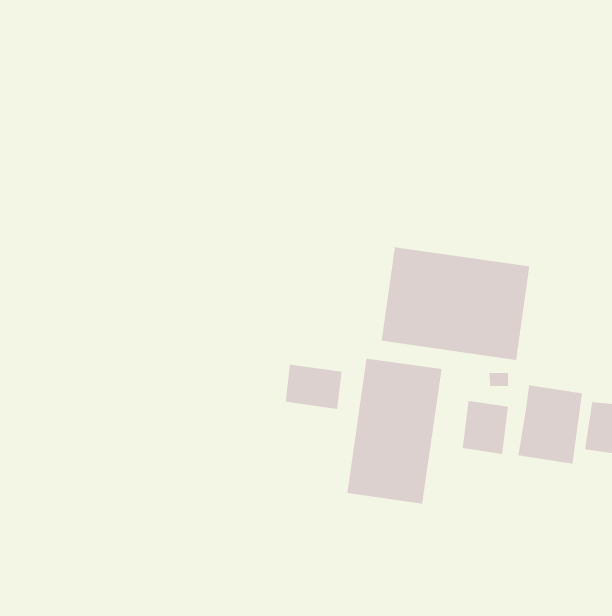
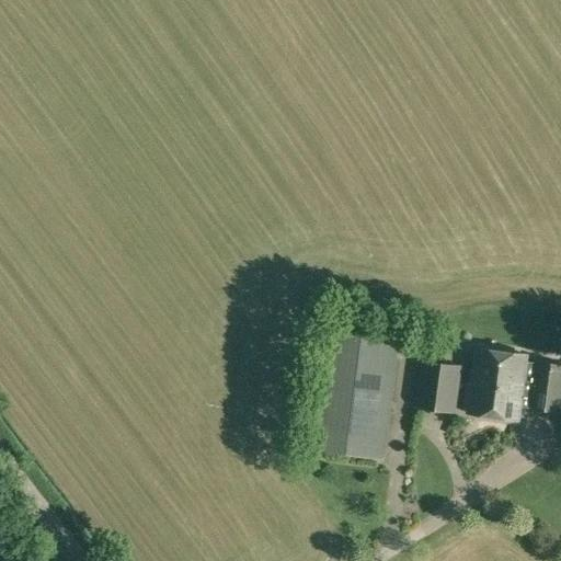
building: [381,247,530,361] -> none
building: [285,364,342,410] -> none

